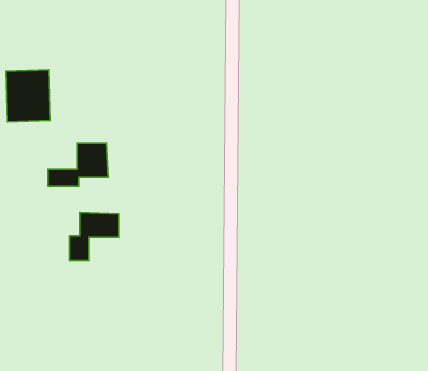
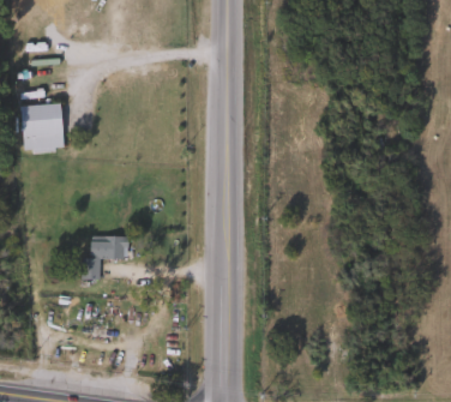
building: [48,143,108,186] -> none

